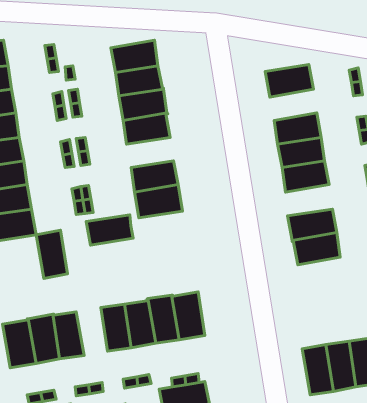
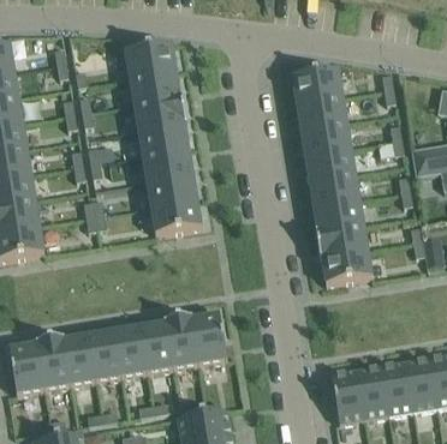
building: none -> [296,96,346,130]
building: none -> [312,198,363,232]
building: [86,215,133,245] -> [142,148,192,180]
building: [36,230,67,278] -> [88,330,121,382]

